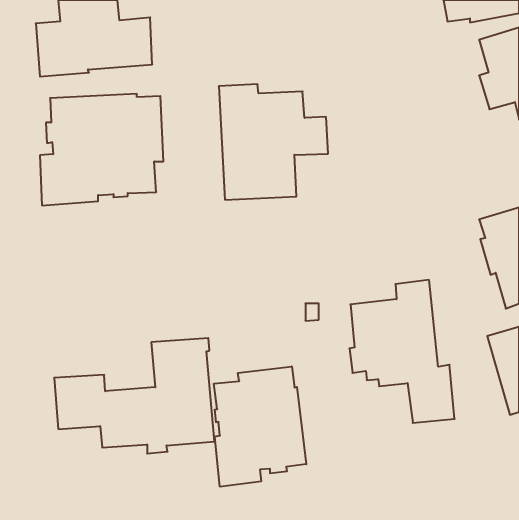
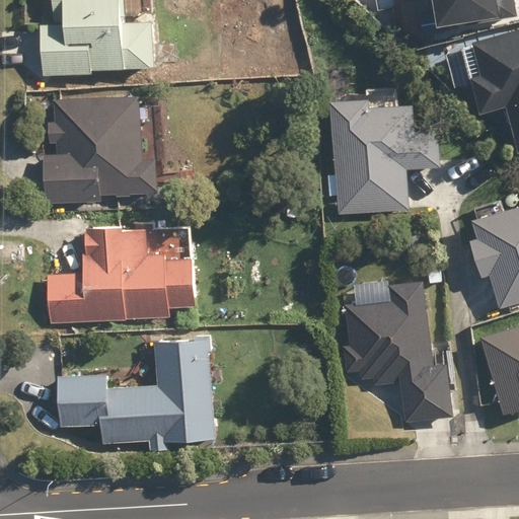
building: [219,84,328,200] -> [333,98,442,213]
building: none -> [45,225,191,324]
building: [214,366,306,487] -> none

